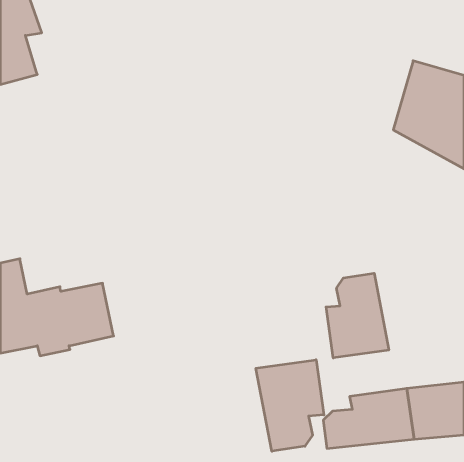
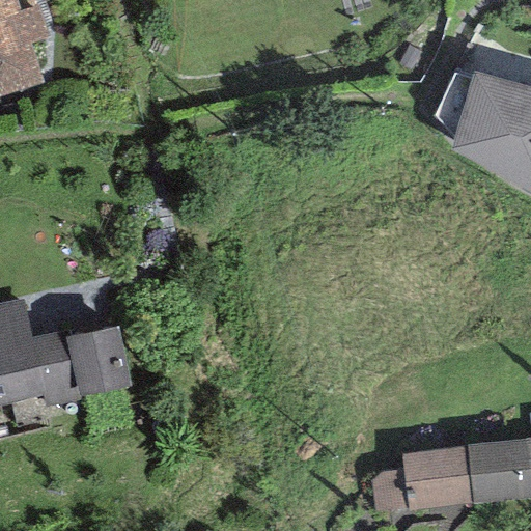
building: [326,273,389,358] -> none
building: [256,360,324,451] -> none

